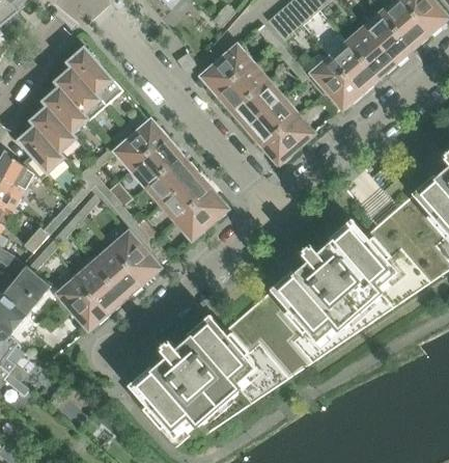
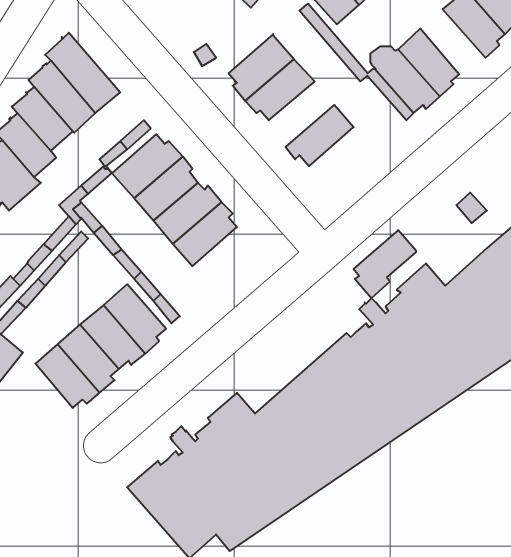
building: [347,28,396,77] -> none
building: [234,82,283,131] -> none
building: [264,116,311,167] -> [354,230,416,298]
building: [177,191,230,237] -> none

